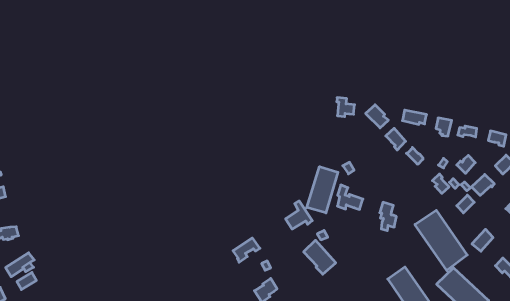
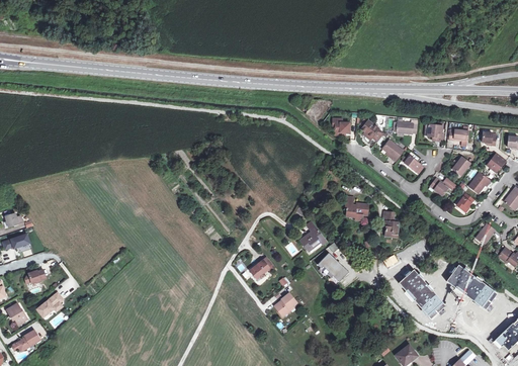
building: [307,167,338,213] -> none
building: [415,210,467,271] -> none

